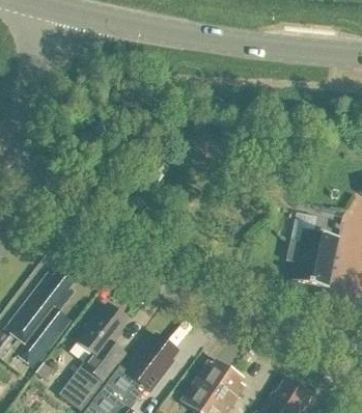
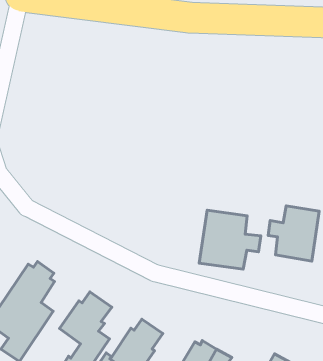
building: none -> [199,210,261,269]

